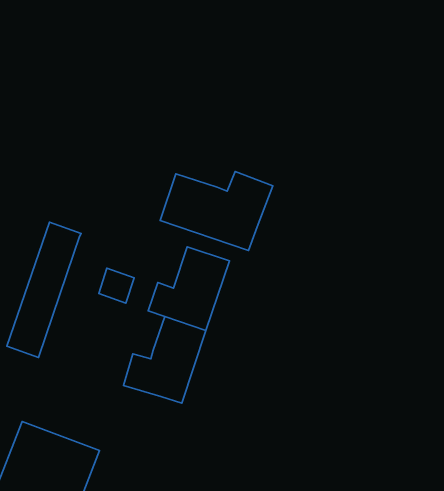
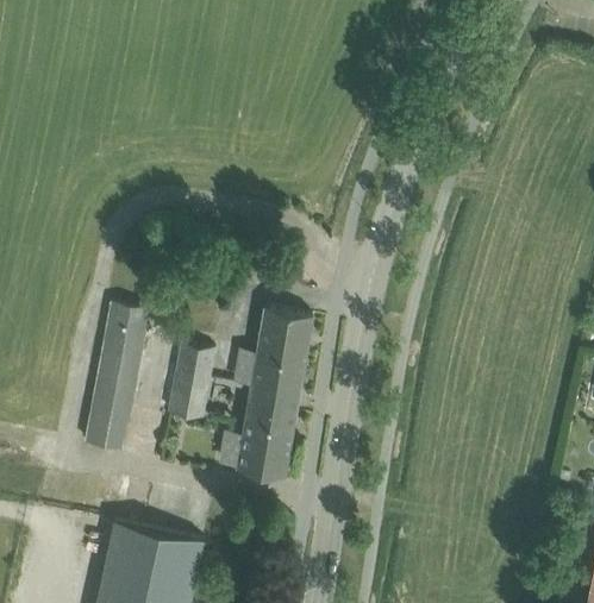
building: [160,172,273,250] -> none
building: none -> [163,372,208,420]

